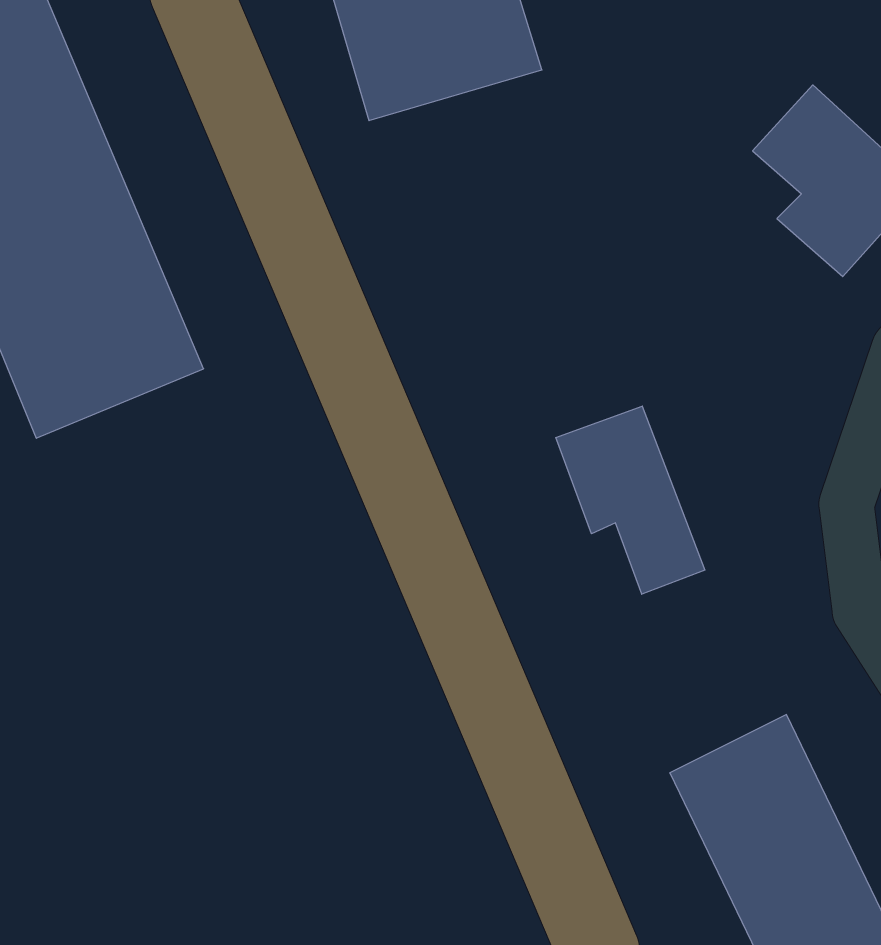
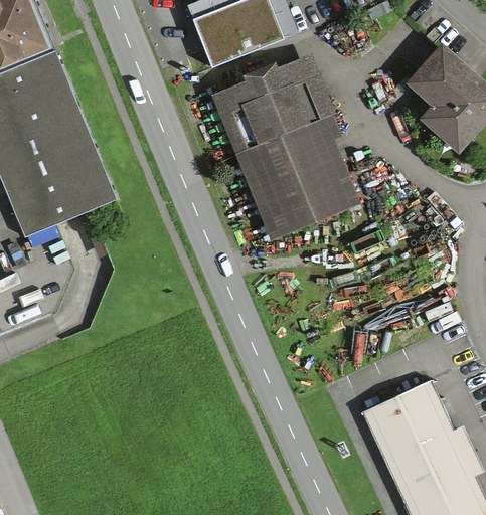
building: none -> [214,60,358,237]
building: [556,406,705,594] -> none

